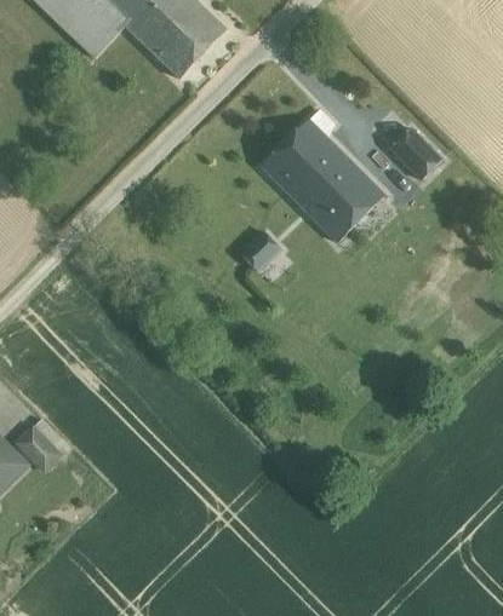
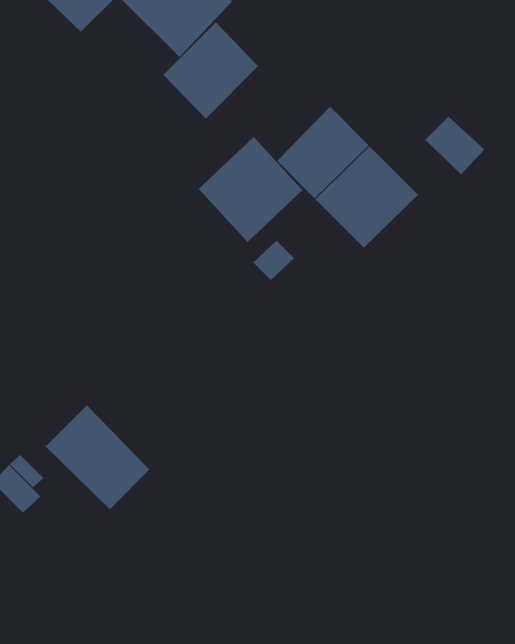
building: none -> [163,22,259,119]
building: none -> [198,136,303,243]
building: none -> [45,404,150,510]

